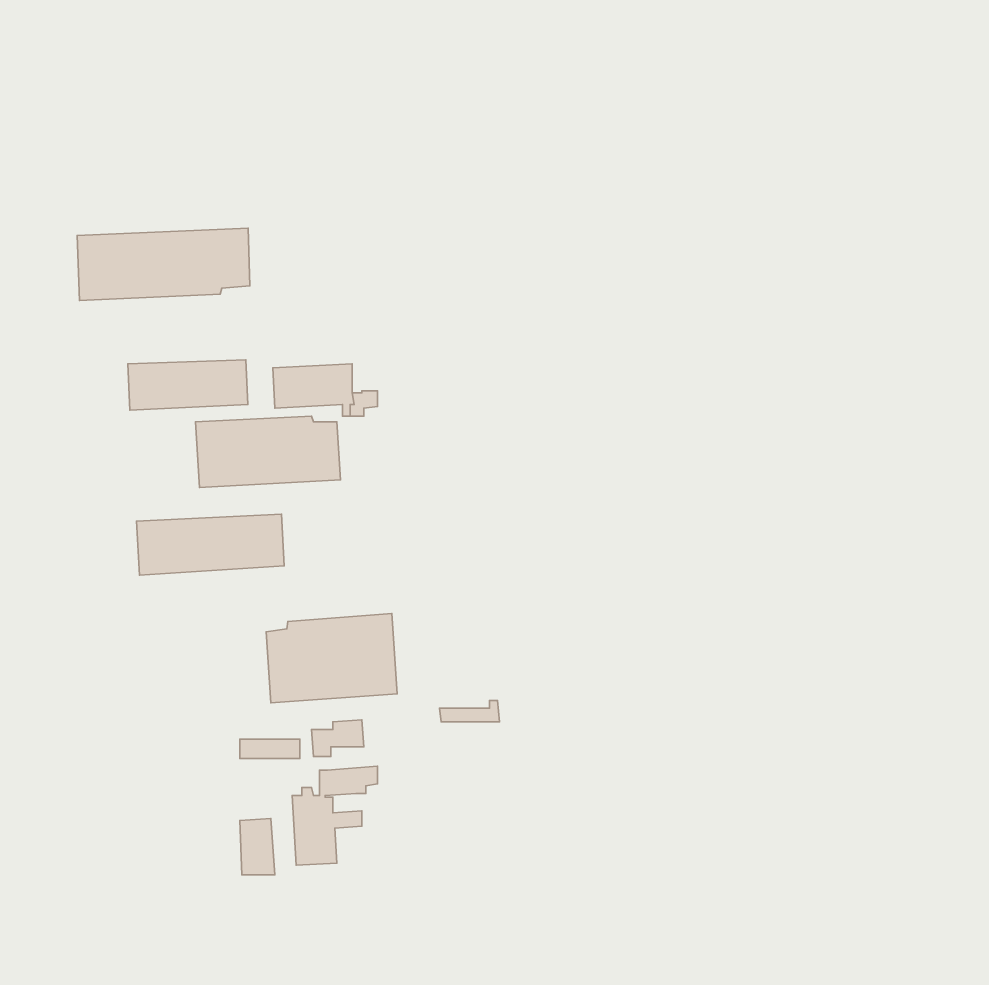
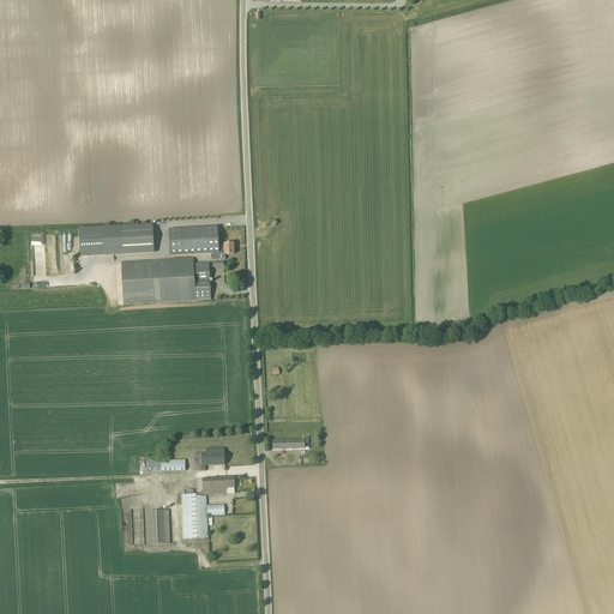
building: [77,228,250,300] -> none
building: [137,514,284,575] -> none
building: [266,613,397,703] -> none

